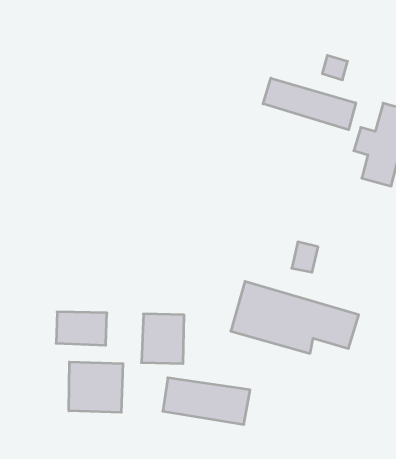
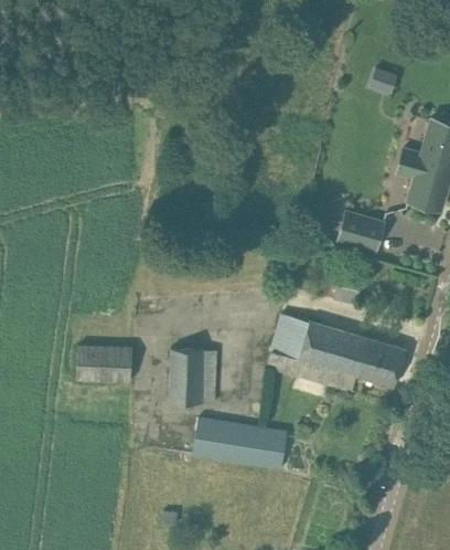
building: [263,78,356,130] -> none
building: none -> [336,212,385,252]
building: [69,362,123,412] -> none

